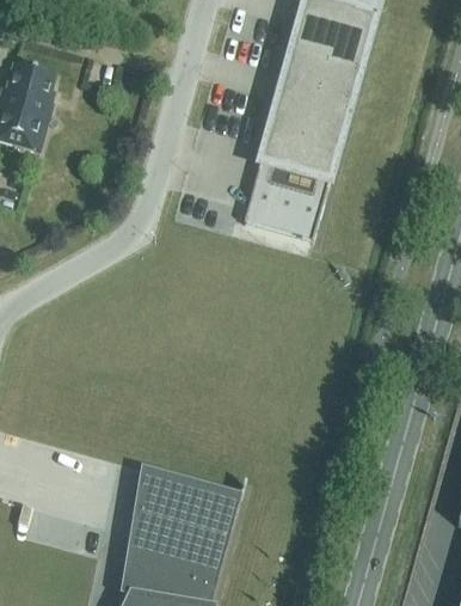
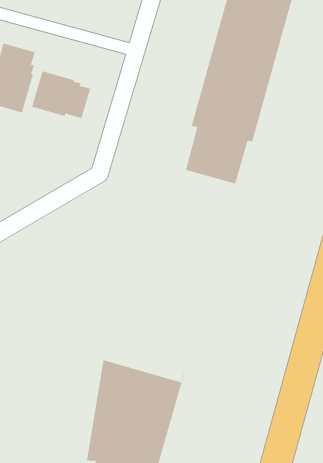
building: none -> [32,70,91,119]

